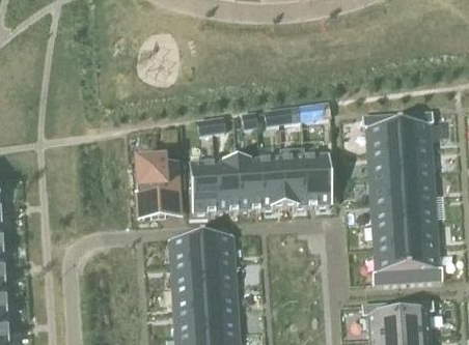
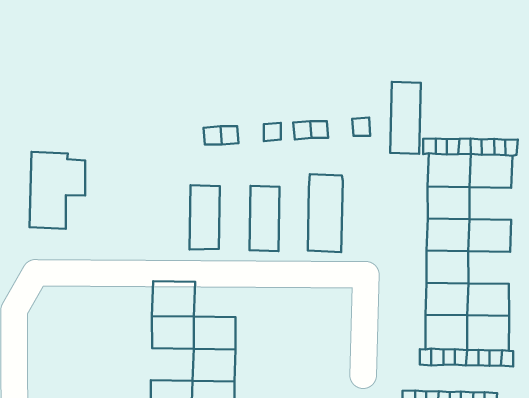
building: [399,147,433,173] -> none
building: [305,151,330,205] -> [390,82,421,154]
building: [136,159,178,215] -> [30,152,85,229]
building: [258,160,283,208] -> none
building: [214,162,240,210] -> none
building: [403,195,435,221] -> none
building: [201,234,233,262] -> none
building: [173,286,205,312] -> none

